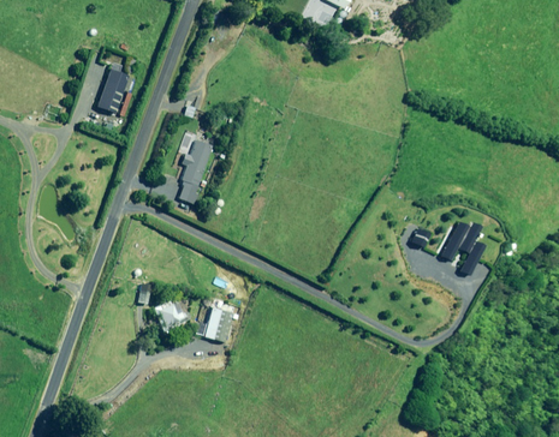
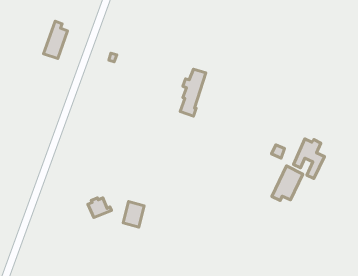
building: [179,140,214,204] -> [180,69,206,116]
building: none -> [272,166,303,200]

